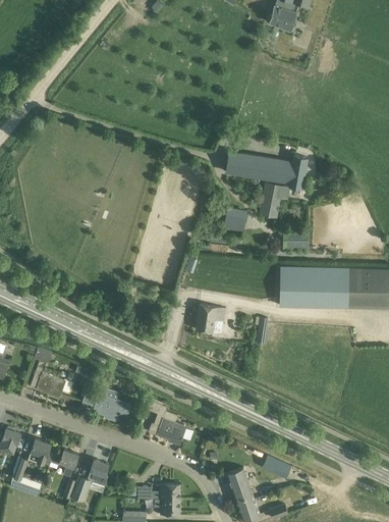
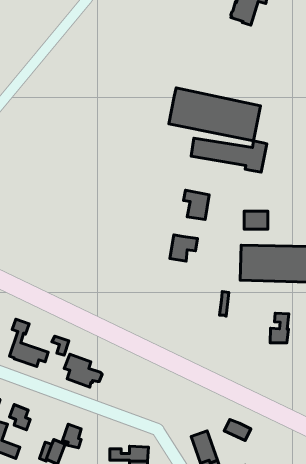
building: none -> [169,88,261,141]
building: [260,182,289,217] -> none
building: [196,304,225,332] -> [170,235,197,261]
building: none -> [270,313,289,343]
building: [149,412,186,443] -> none
building: [49,449,78,477] -> none

